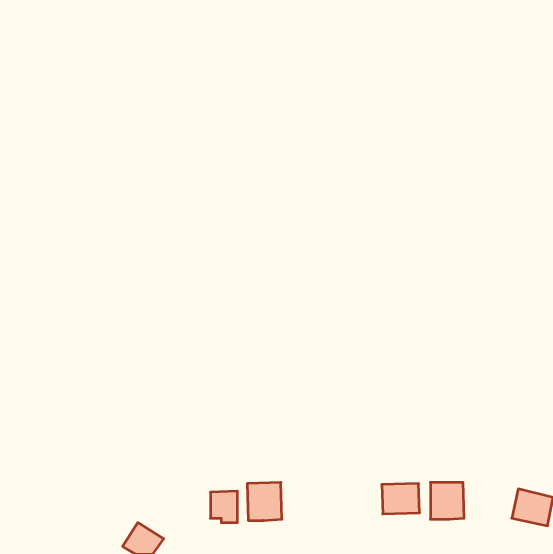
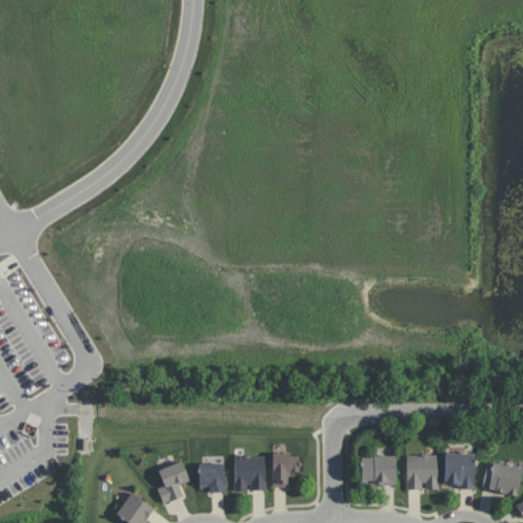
building: none -> [271,454,299,487]
building: none -> [443,454,474,486]
building: none -> [157,461,189,504]

